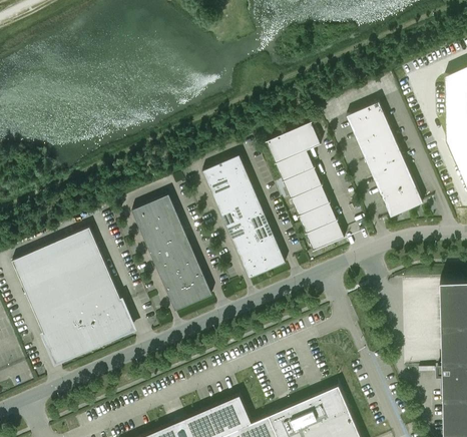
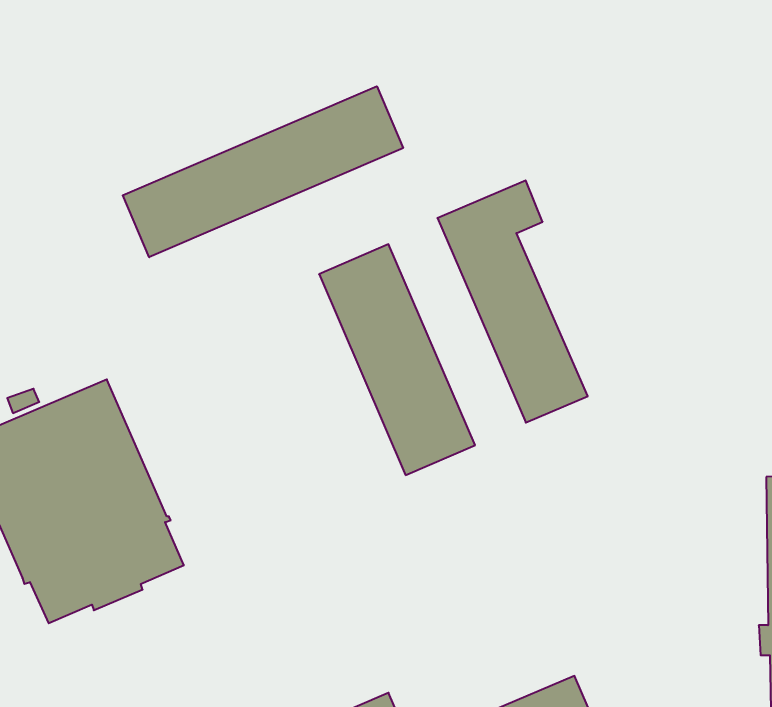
building: none -> [123,86,403,257]
building: [347,102,423,217] -> none
building: [132,195,212,312] -> none

